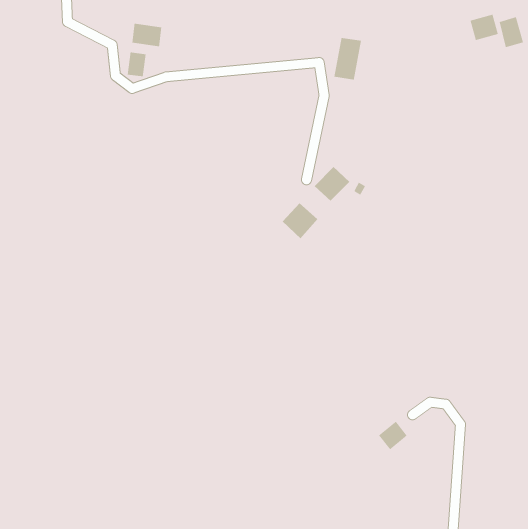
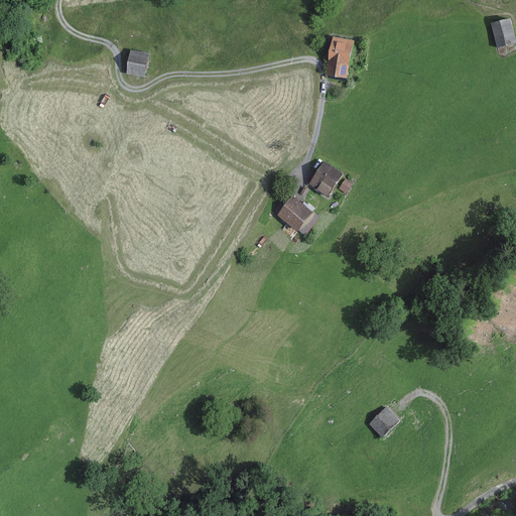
building: [470,14,499,41] -> none
building: [132,23,162,47] -> none

